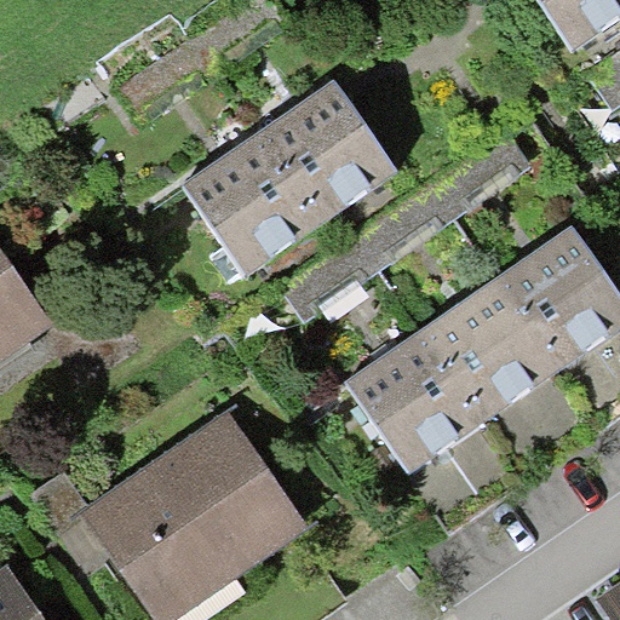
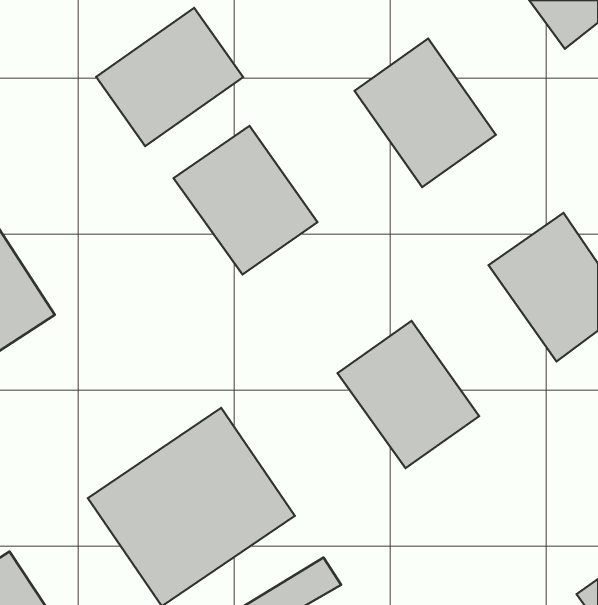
building: none -> [96,8,243,146]
building: [254,78,398,229] -> [354,39,496,187]
building: [419,272,567,426] -> none

